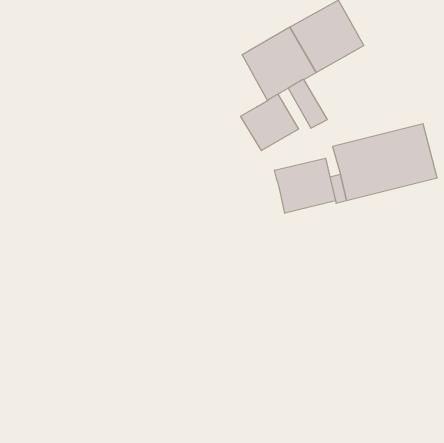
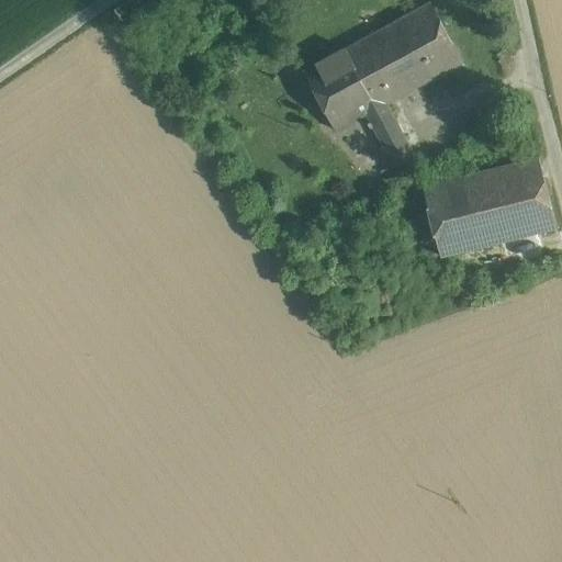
building: [241,94,298,151] -> none
building: [275,158,335,213] -> none

